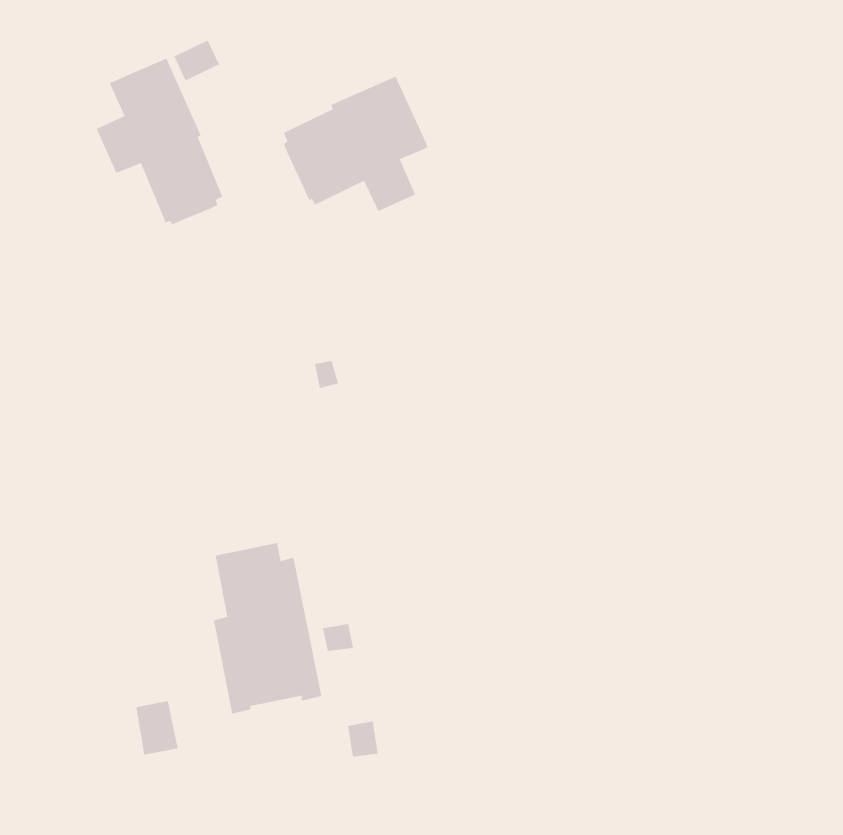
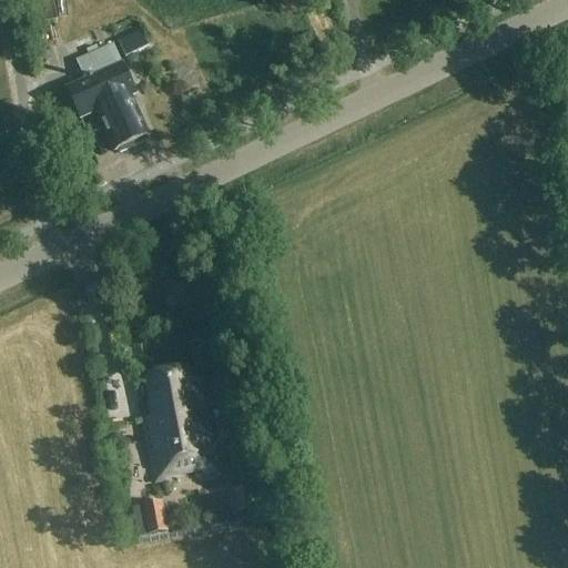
building: [283,76,428,212] -> none
building: [135,700,178,755] -> [139,496,168,532]

